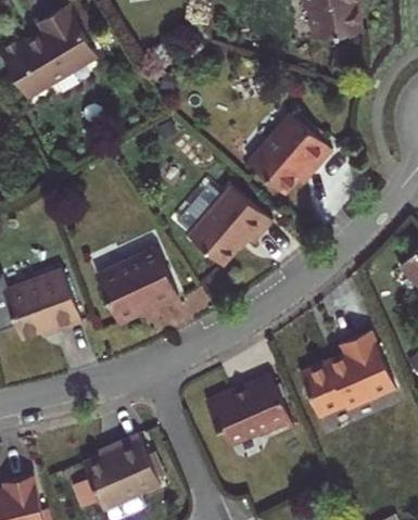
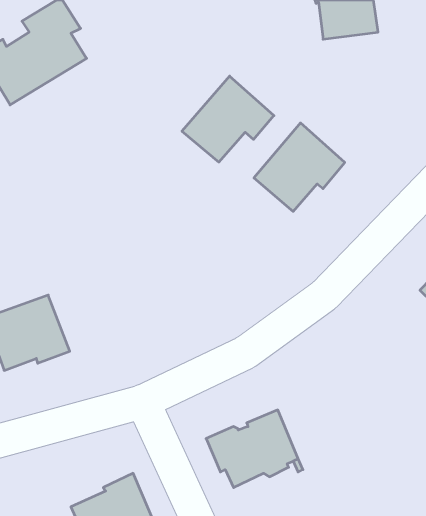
building: [189,188,273,266] -> [182,76,274,162]
building: [97,249,178,324] -> none
building: [300,331,395,418] -> none

